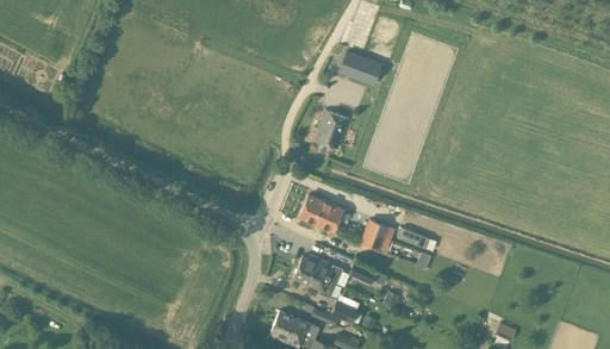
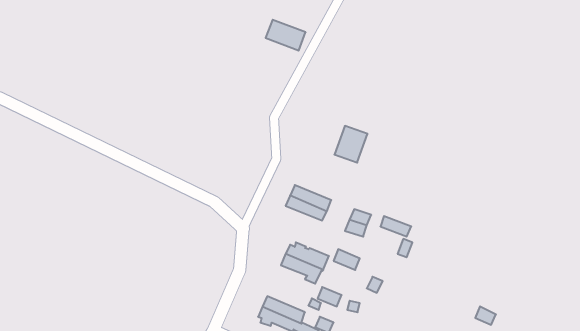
building: [340,51,381,83] -> [266,20,306,51]
building: [315,111,349,149] -> [334,126,368,163]

